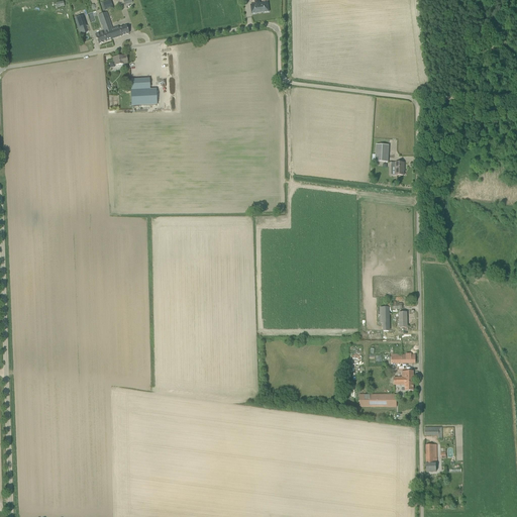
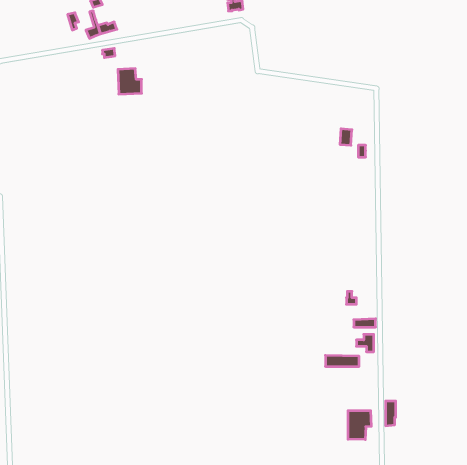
building: none -> [348,411,371,440]

